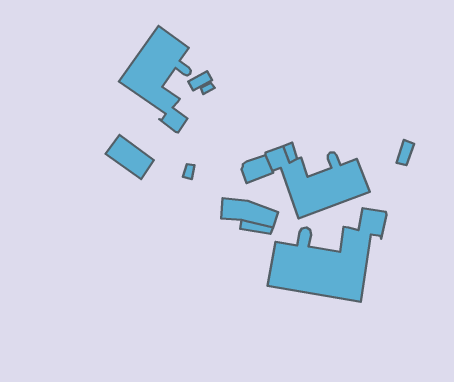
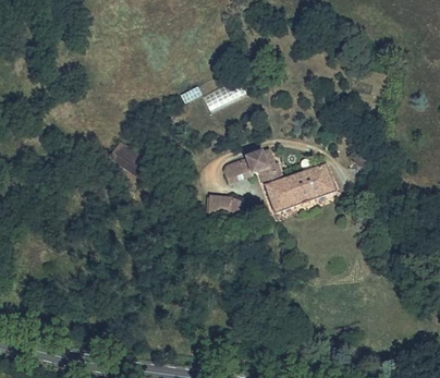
building: [119,26,191,133] -> none
building: [268,208,386,302] -> none

